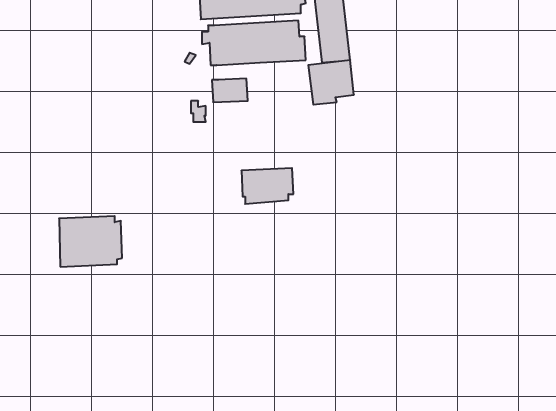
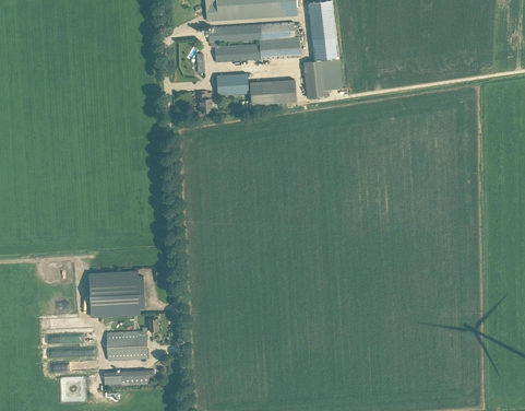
building: [241,168,293,204] -> [249,78,295,109]
building: [59,216,122,267] -> [88,271,144,316]
building: none -> [106,318,158,360]

